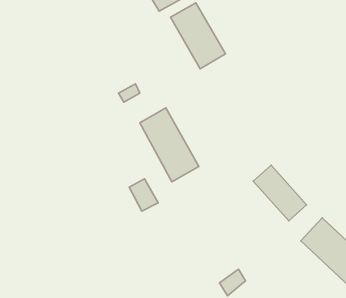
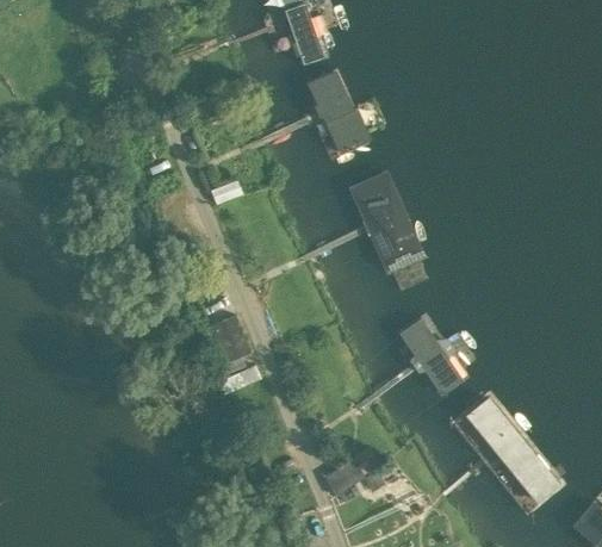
building: [140,108,199,182] -> [346,167,424,275]

